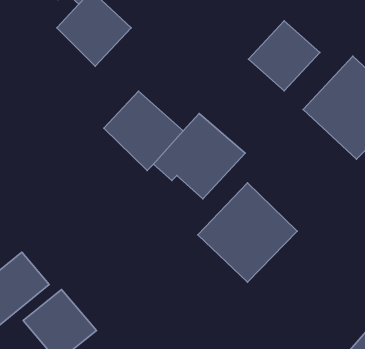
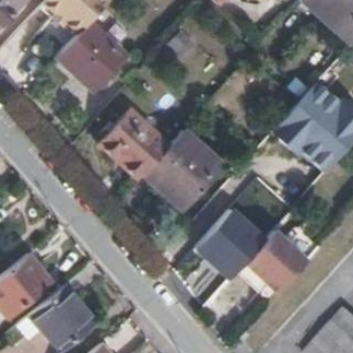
building: [248,21,320,91] -> none
building: none -> [244,232,298,287]

